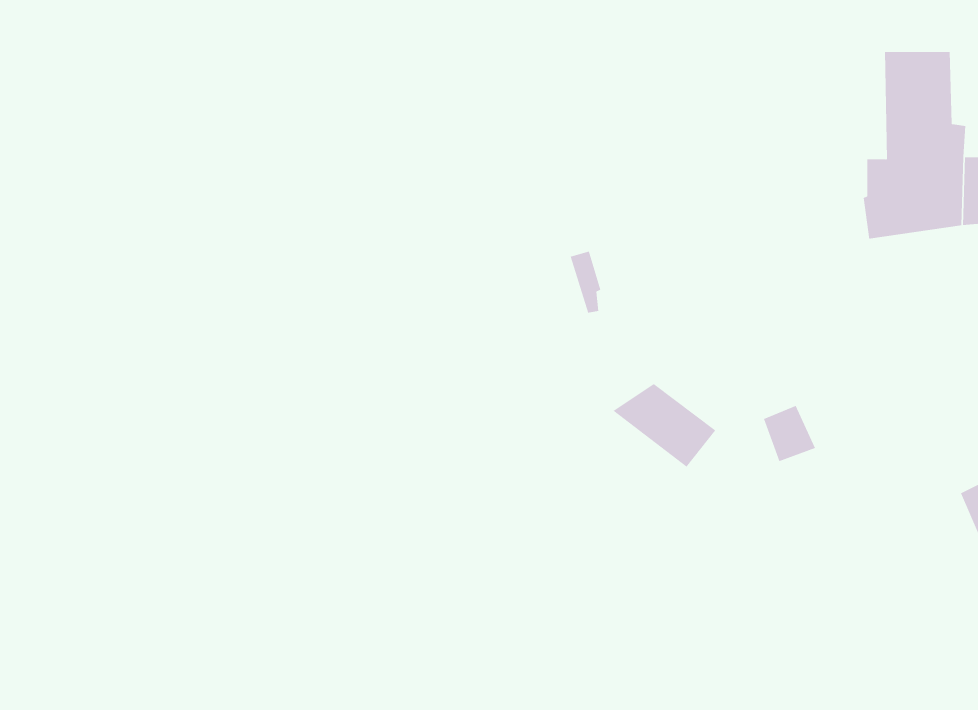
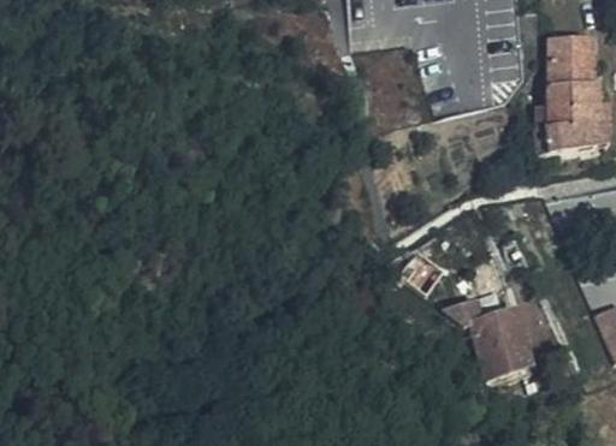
building: none -> [445,297,533,375]

